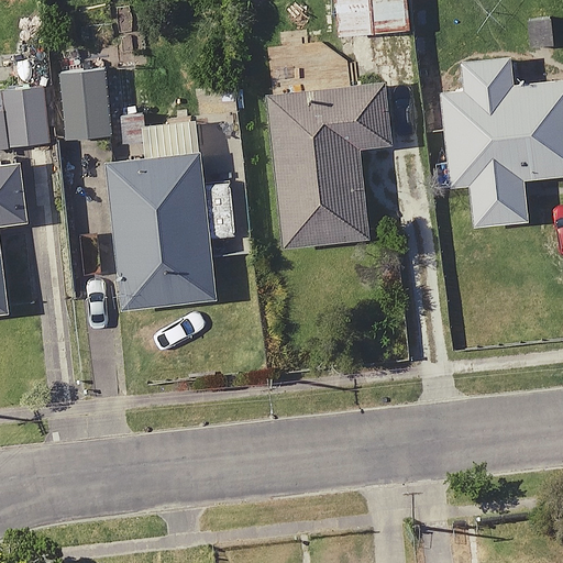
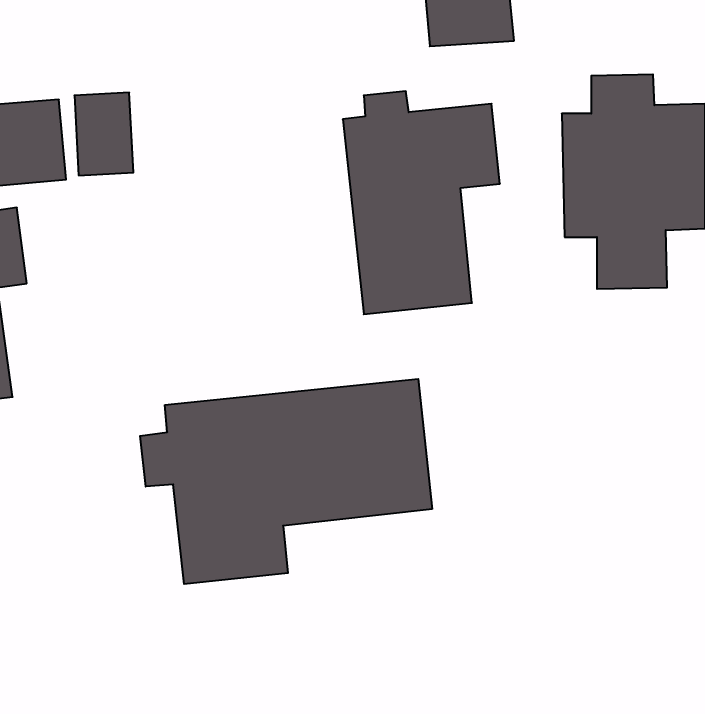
building: [109,109,240,309] -> none
building: none -> [140,379,432,584]

